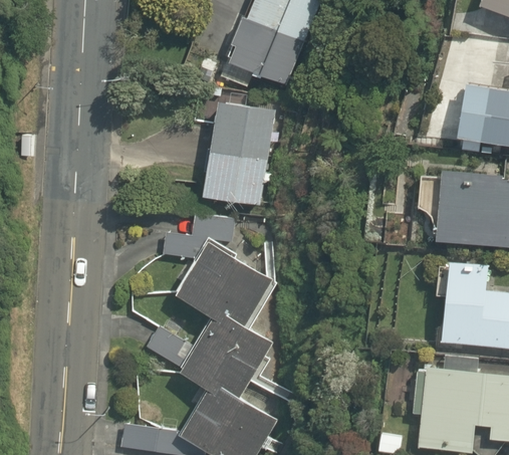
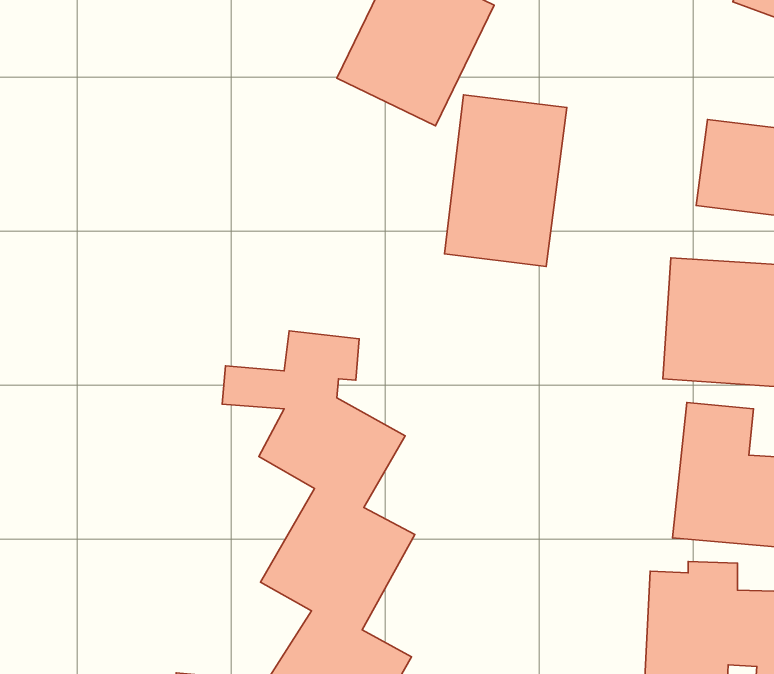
building: [204,97,281,206] -> [445,95,567,266]

